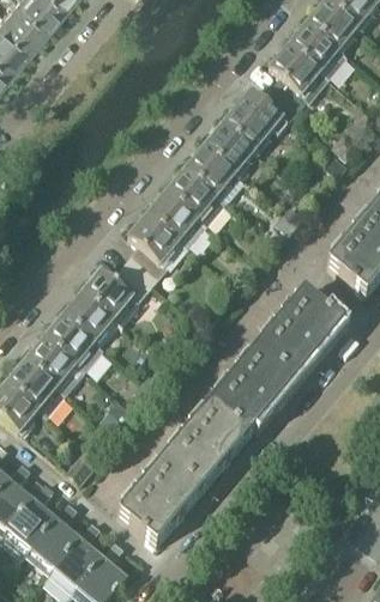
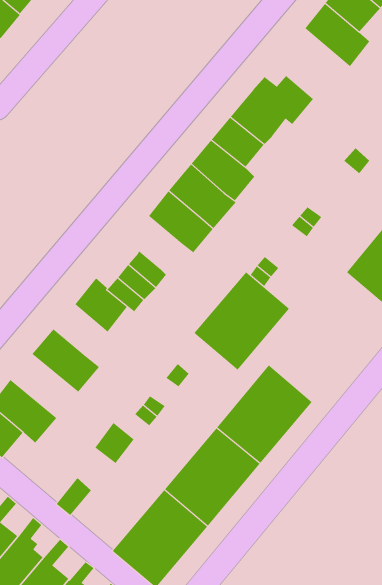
building: [269,43,328,107] -> none
building: [128,211,179,259] -> none
building: [257,288,343,377] -> [194,271,290,370]
building: [64,290,113,336] -> none
building: [25,334,86,391] -> none

